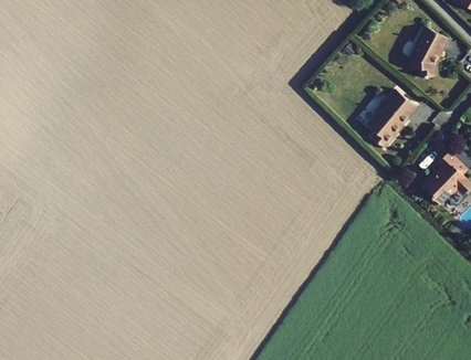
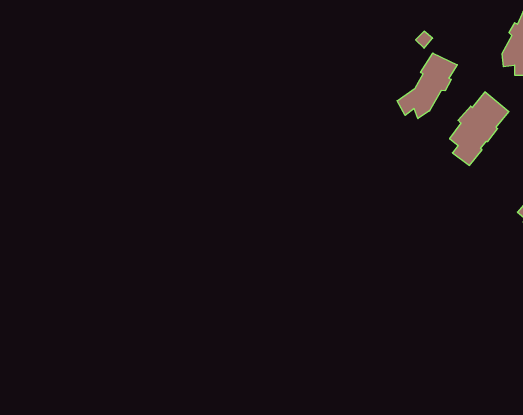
building: none -> [397,53,457,119]

